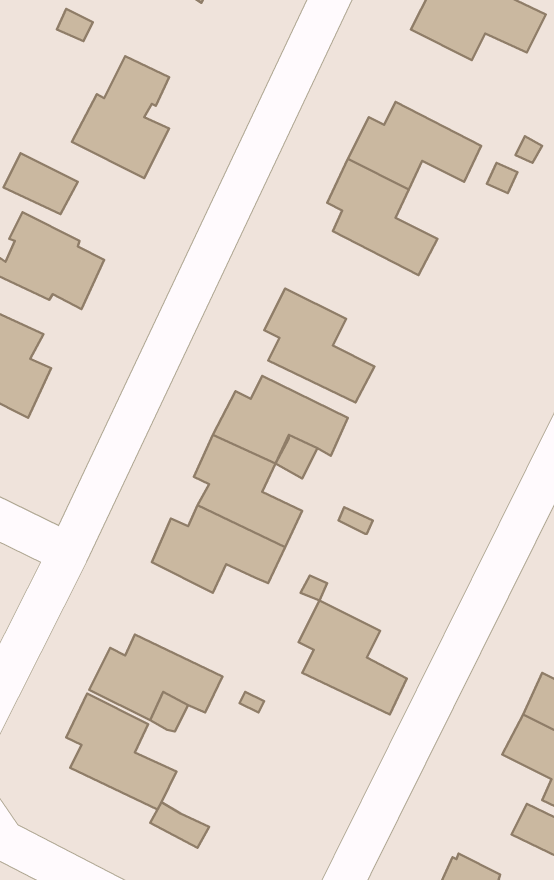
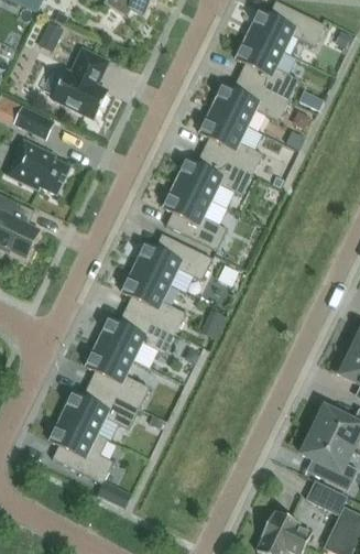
building: none -> [236,33,299,100]
building: none -> [175,150,252,200]
building: [298,600,407,715] -> [86,341,149,408]

